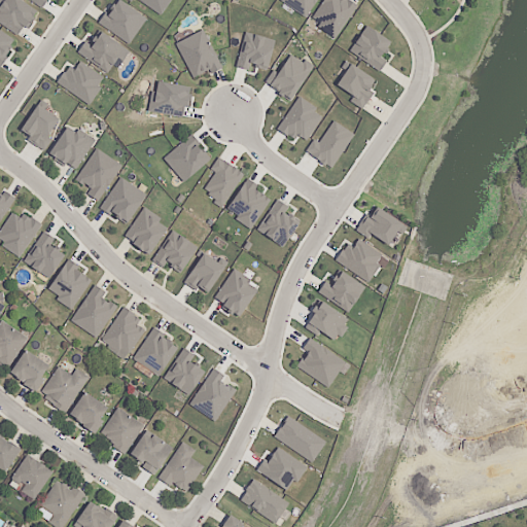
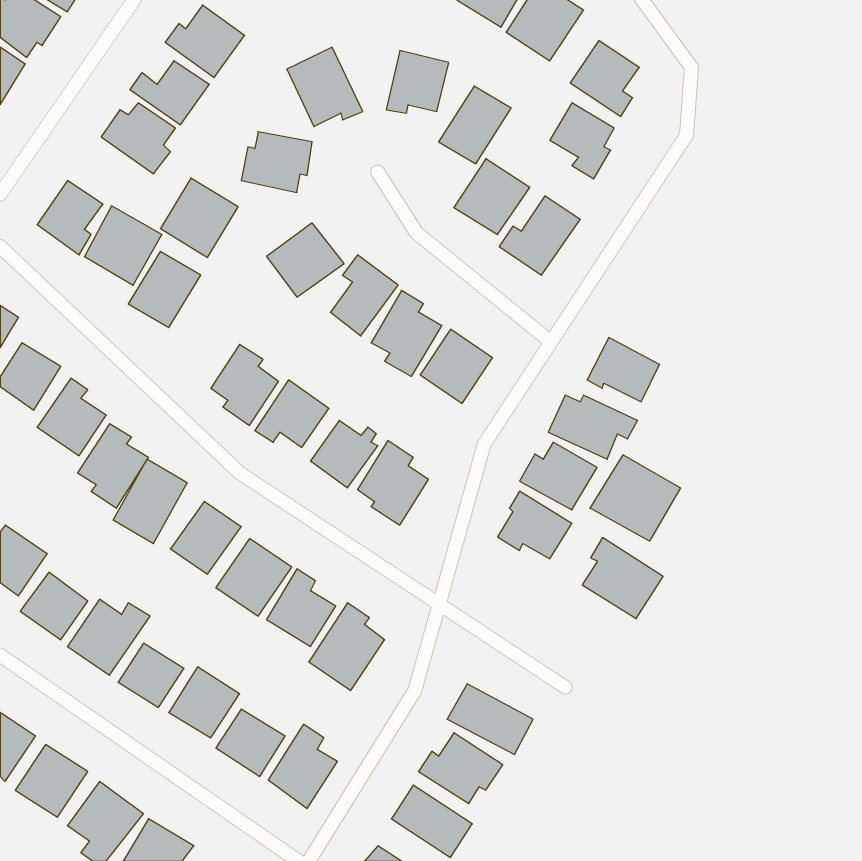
building: [102,180,149,229] -> [160,178,238,257]
building: none -> [590,455,681,541]
building: [295,338,345,387] -> [582,538,663,619]

